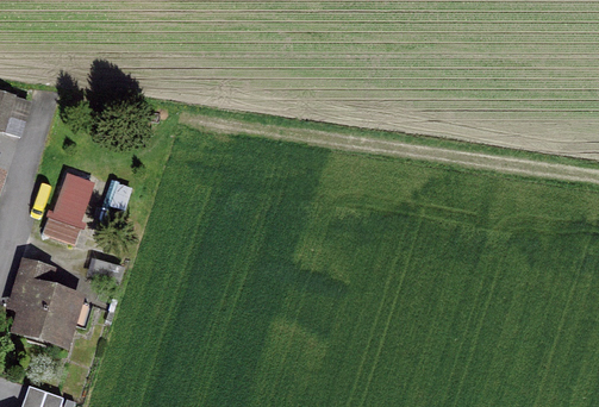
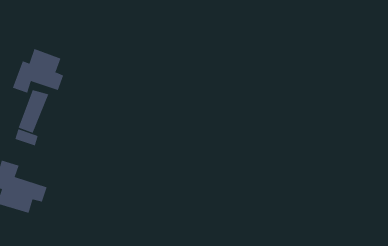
building: none -> [12,48,64,94]

